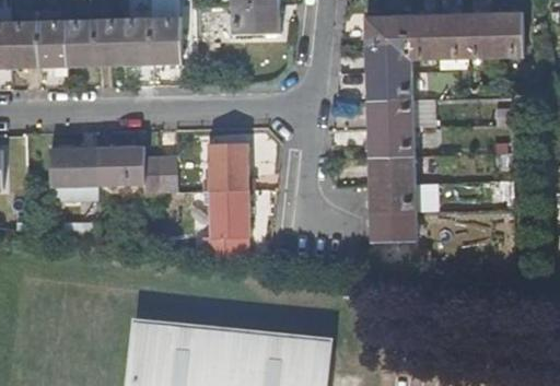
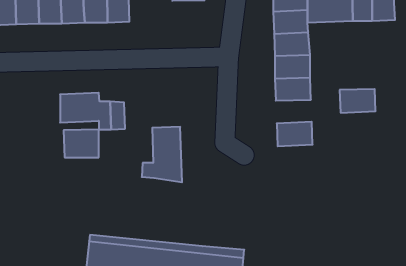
building: [212,143,248,190] -> none
building: [55,149,98,184] -> [64,129,99,157]
building: [368,155,412,185] -> [340,89,376,113]
building: [370,211,413,239] -> none

